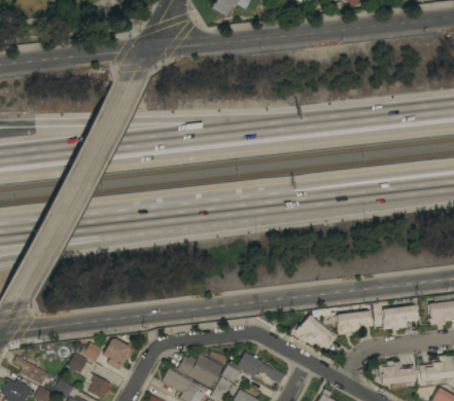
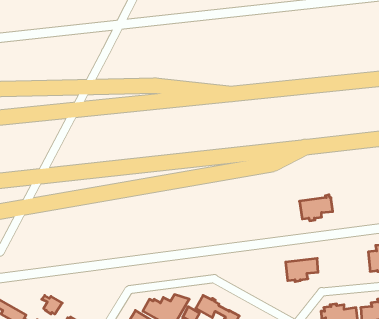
building: [381,302,418,331] -> [299,195,333,221]
building: [294,315,335,350] -> none
building: [79,336,133,367] -> none

